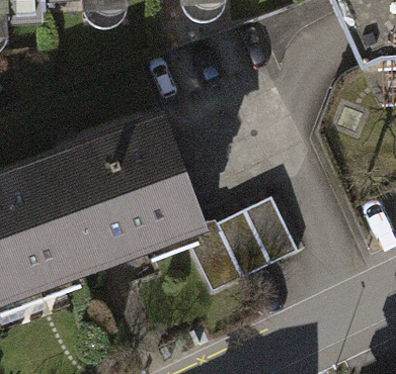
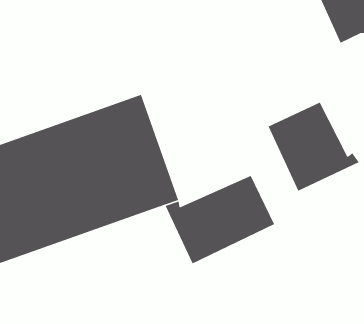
building: none -> [268,102,360,192]

